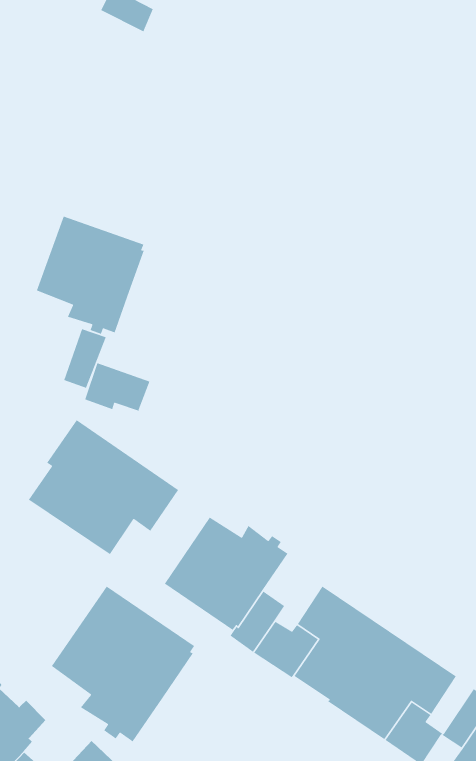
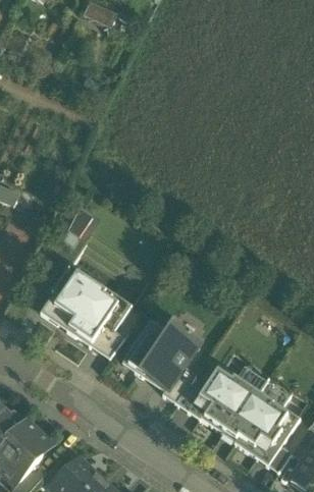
building: [36,215,145,335] -> none
building: [84,362,150,412] -> none
building: none -> [91,323,125,359]
building: [51,585,195,742] -> none

